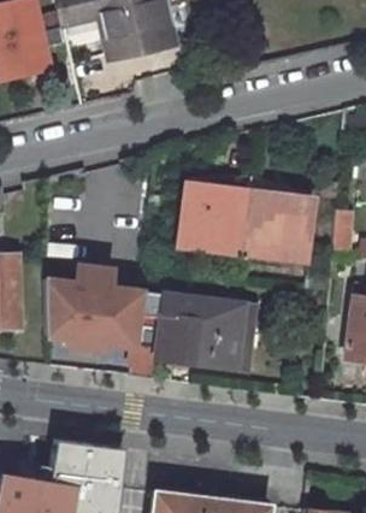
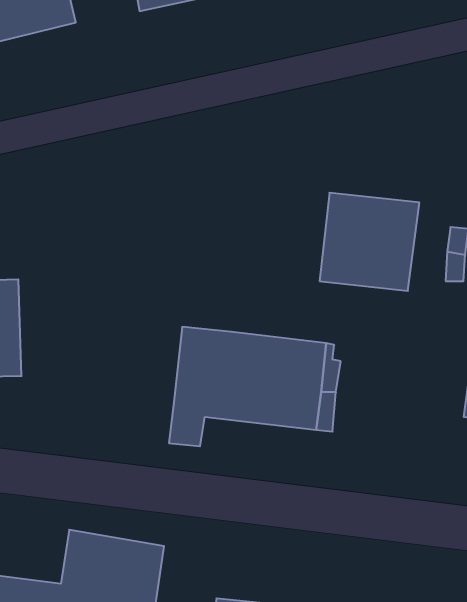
building: [177,183,247,256] -> none
building: [42,265,138,349] -> none

